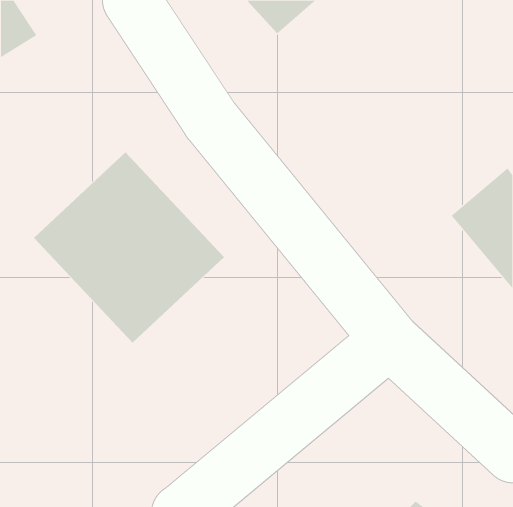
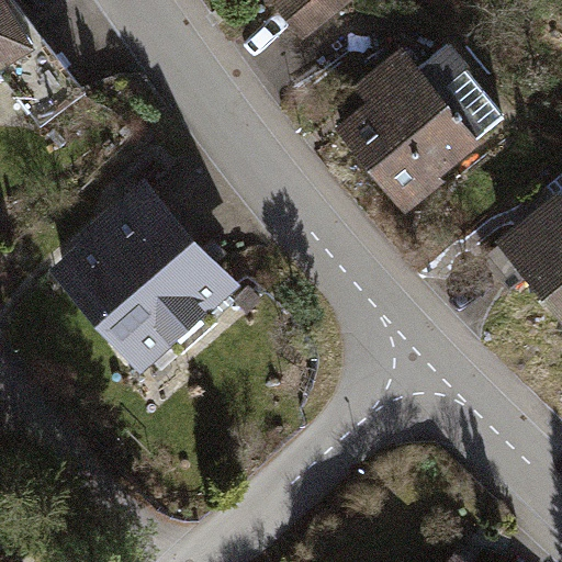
building: none -> [334,44,506,217]

